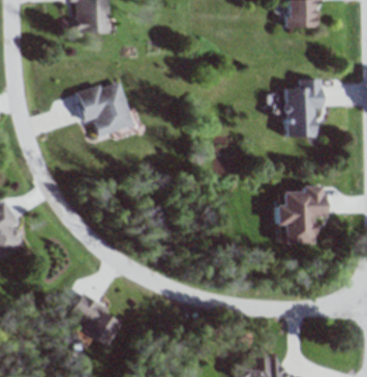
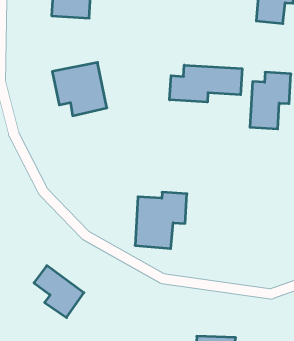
building: none -> [170,65,242,102]
building: [277,186,328,244] -> [135,192,187,249]

